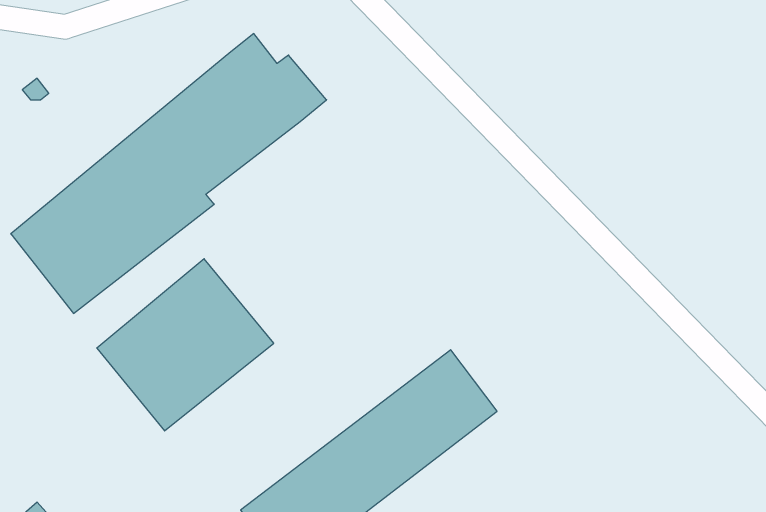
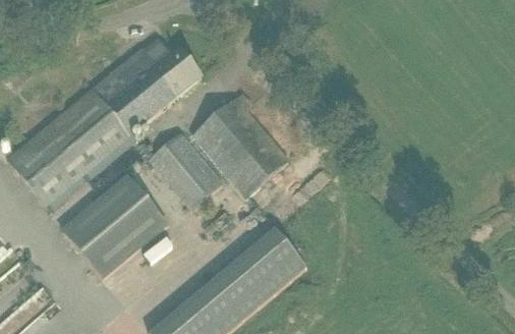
building: none -> [193,97,289,194]
building: none -> [149,131,224,210]

